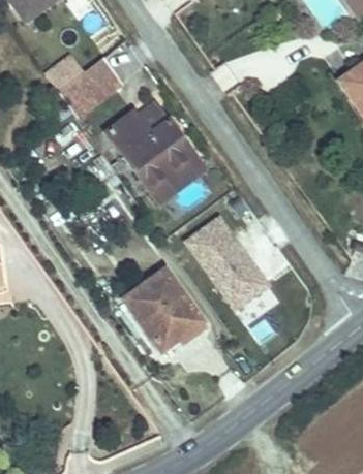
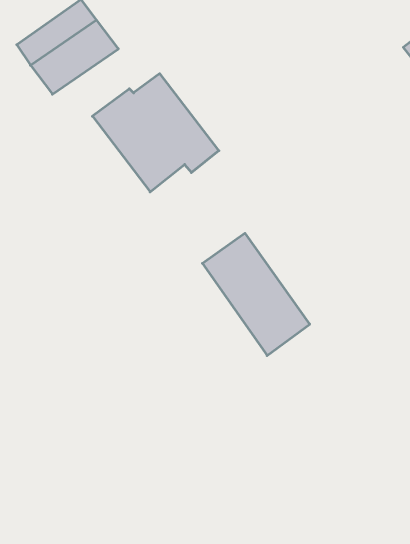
building: [147,156,209,206] -> none
building: [126,272,201,352] -> none

